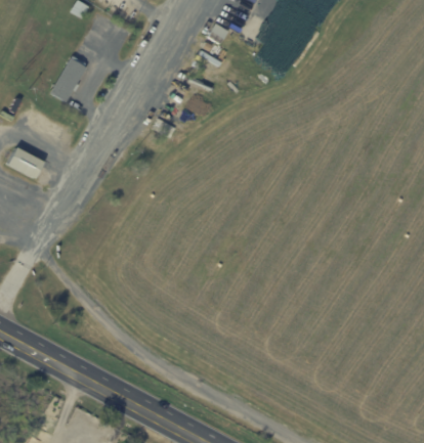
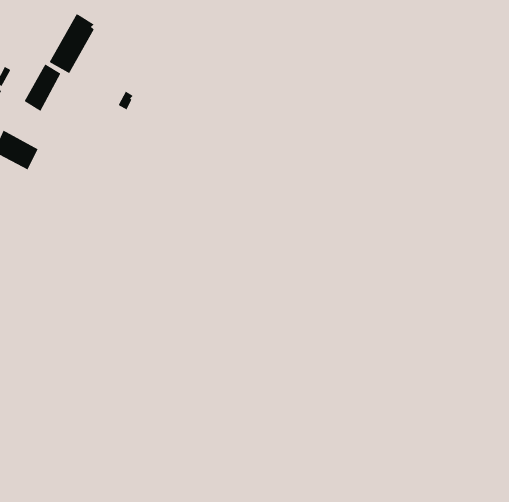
building: none -> [24,64,61,112]

